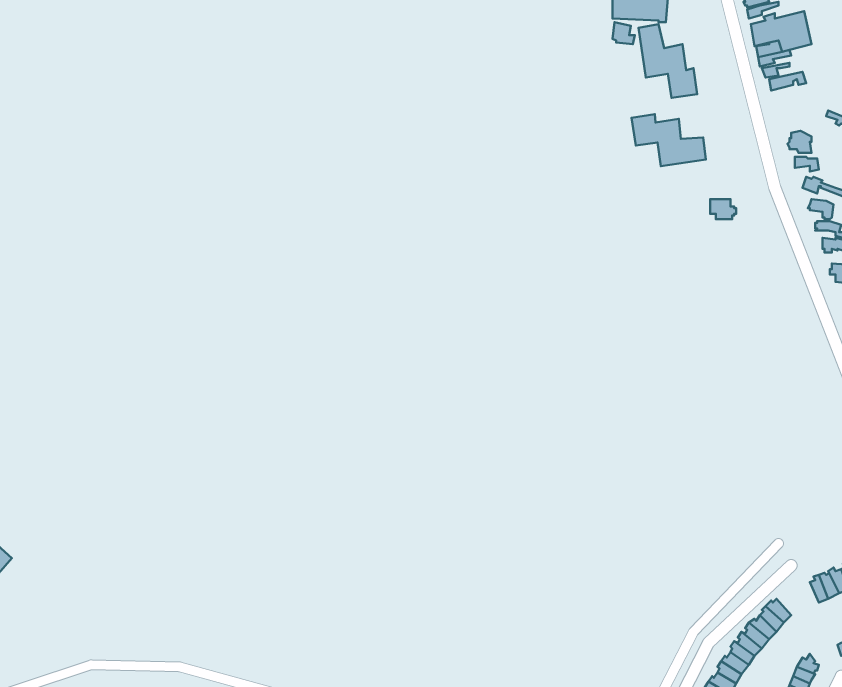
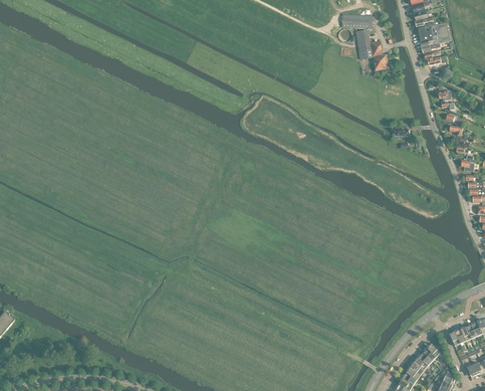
building: [632,114,706,166] -> none

